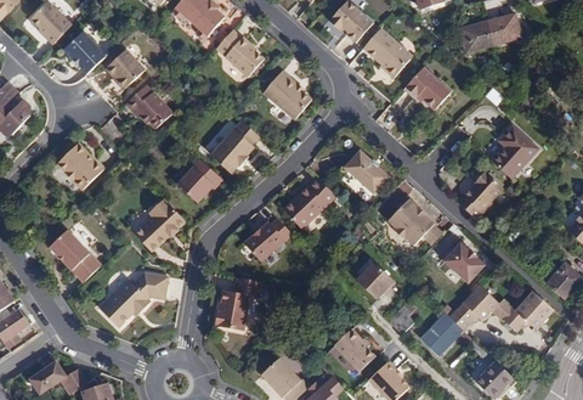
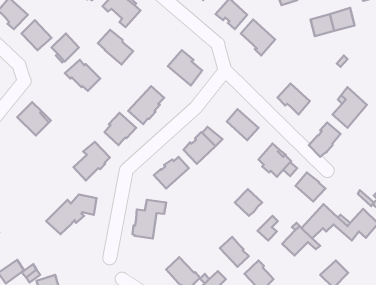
building: [216,30,265,78] -> [98,30,133,64]
building: [406,68,451,111] -> [277,84,310,114]
building: [49,230,100,281] -> none

